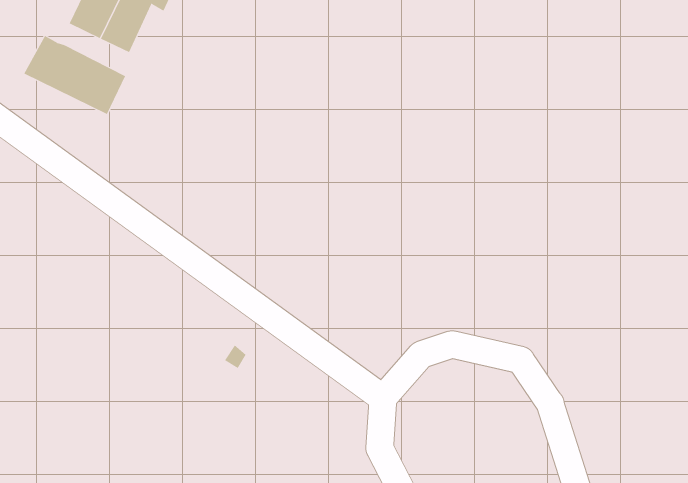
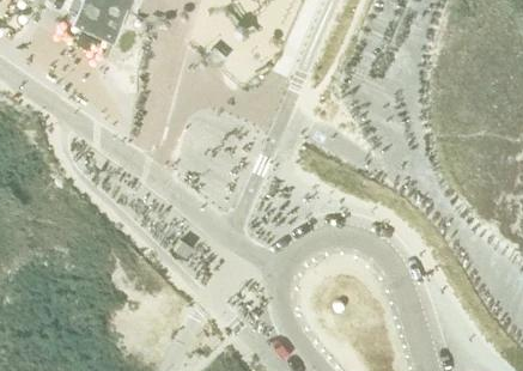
building: [23,35,126,115] -> none

